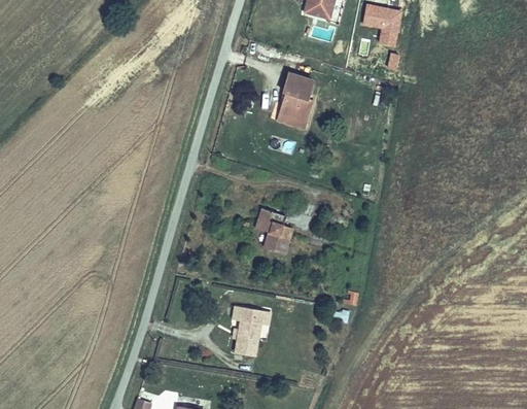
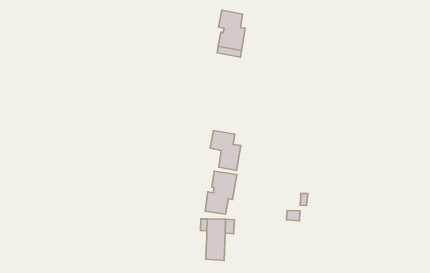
building: none -> [205,171,237,214]

